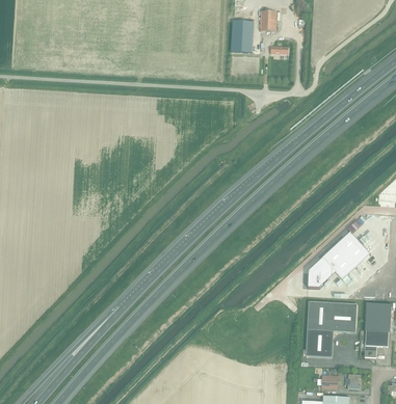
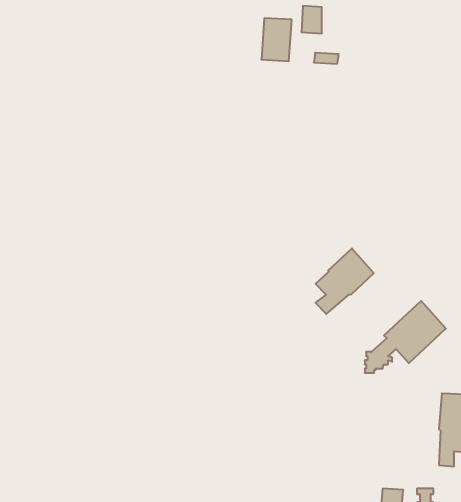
building: none -> [316,248,374,314]
building: [303,301,358,357] -> none

